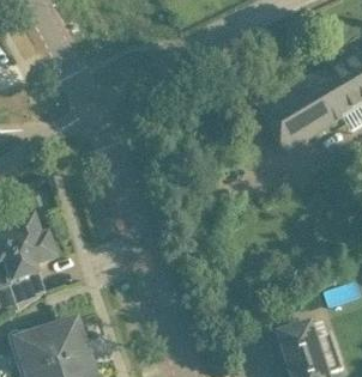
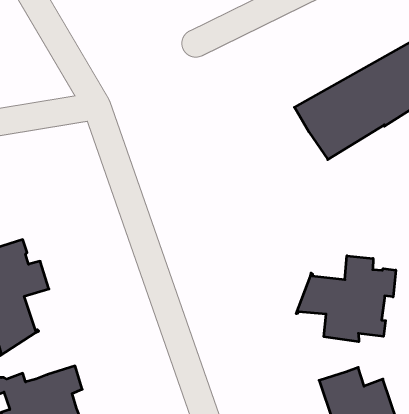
building: none -> [296,256,396,342]

